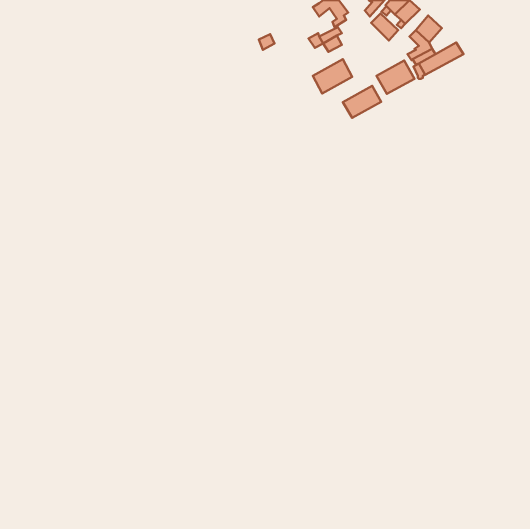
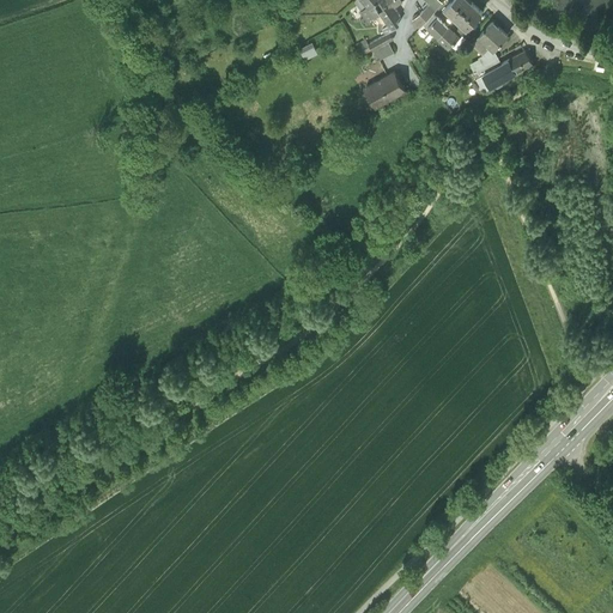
building: [377,61,414,94] -> none
building: [343,86,381,118] -> none

